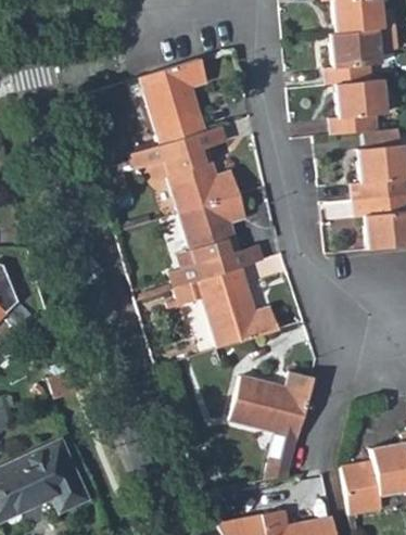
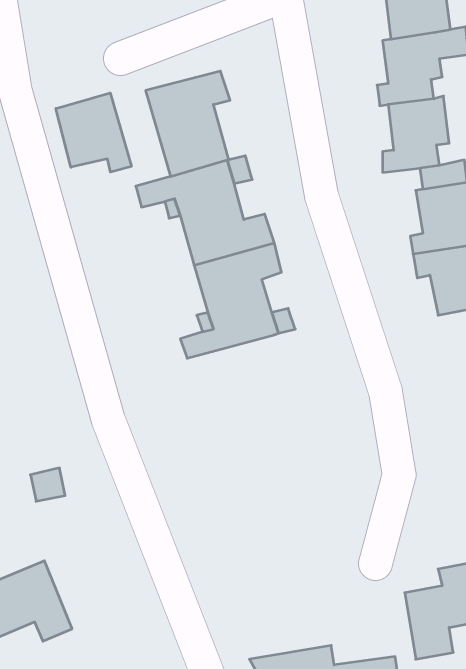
building: none -> [56,93,131,172]
building: [173,267,278,348] -> none
building: [233,374,316,479] -> none

